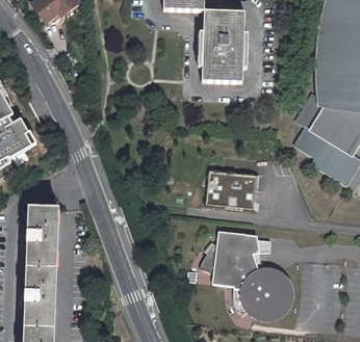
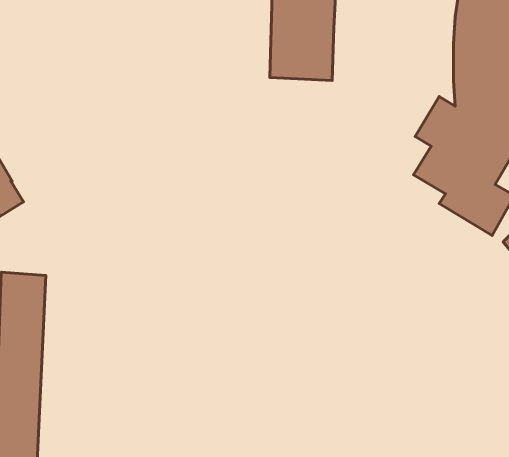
building: [210,169,262,208] -> none
building: [200,230,297,317] -> none

